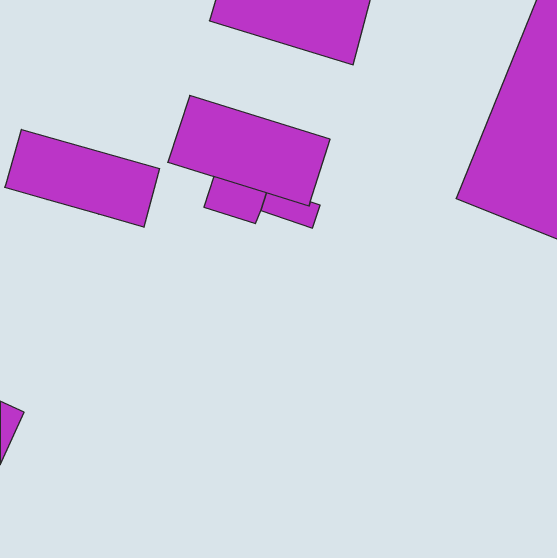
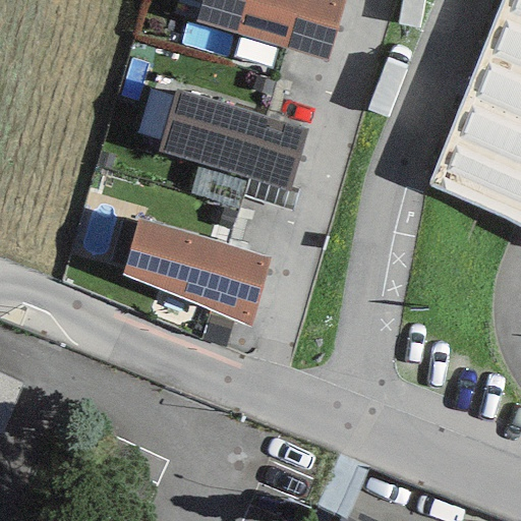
building: [5,129,160,227] -> none
building: none -> [124,219,272,327]

